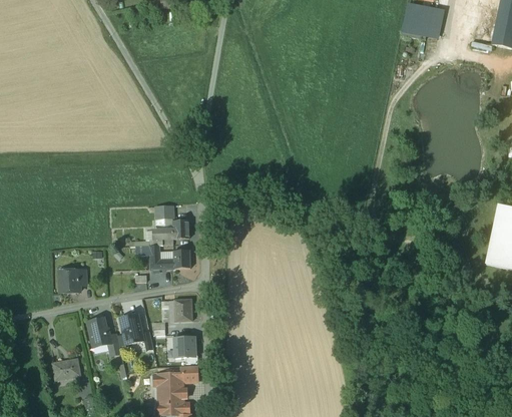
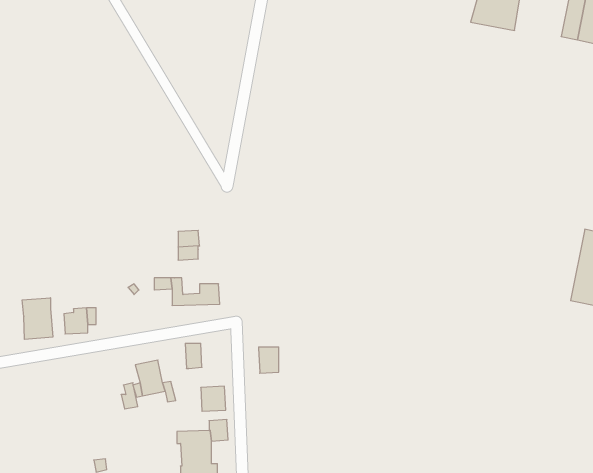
building: [153,220,190,239] -> none
building: none -> [22,298,53,339]
building: [175,299,192,321] -> [259,347,279,373]
building: [88,318,112,345] -> none
building: [54,359,80,379] -> none

